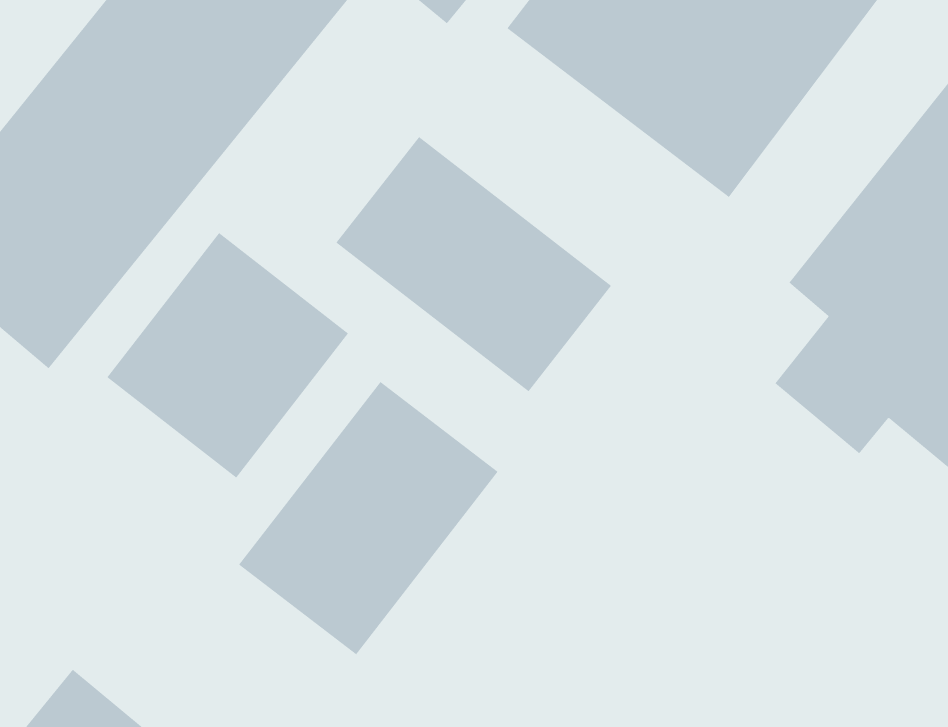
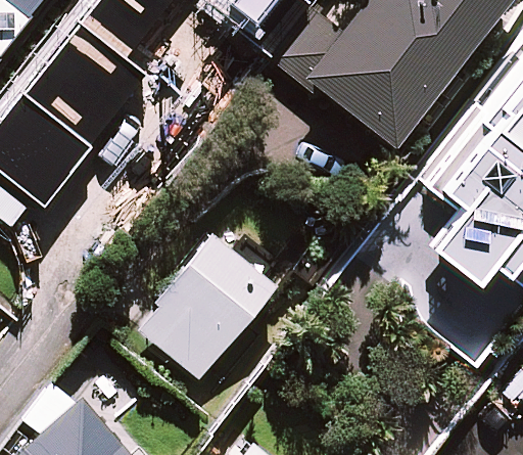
building: [336,136,612,392] -> none
building: [107,232,349,479] -> none

